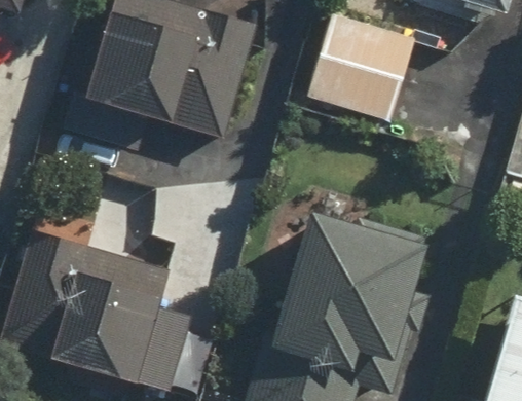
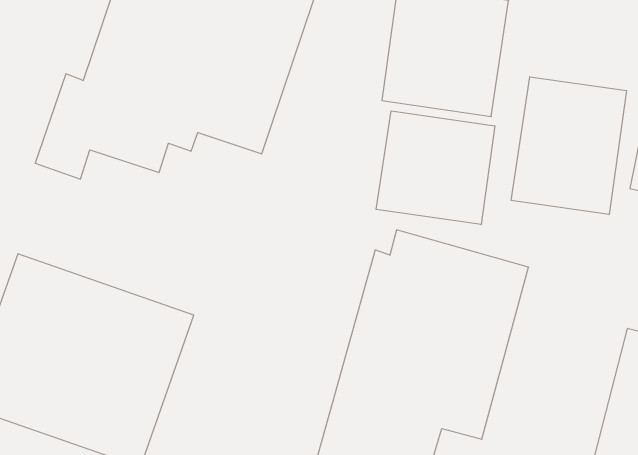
building: none -> [511,77,627,215]
building: none -> [376,111,495,225]

